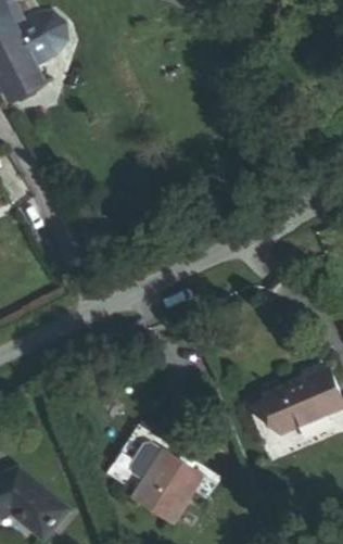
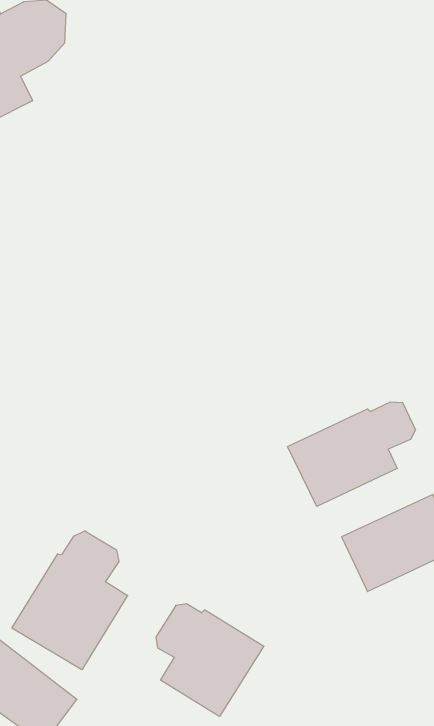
building: none -> [287,402,416,506]
building: none -> [12,531,128,670]

